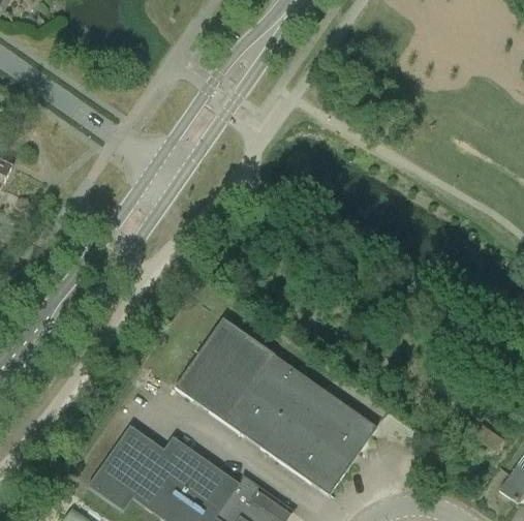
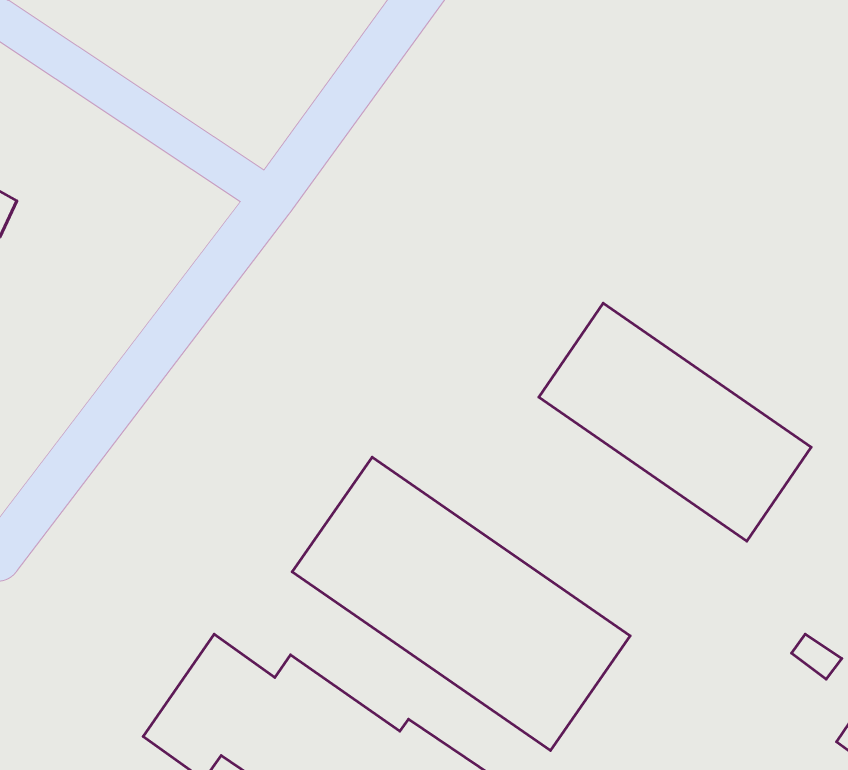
building: none -> [539,303,811,541]

